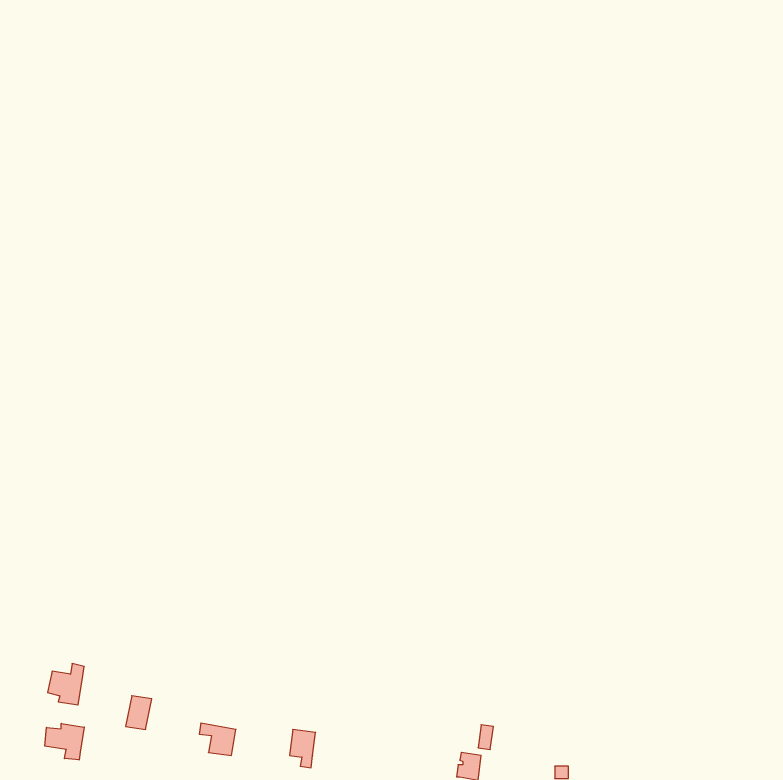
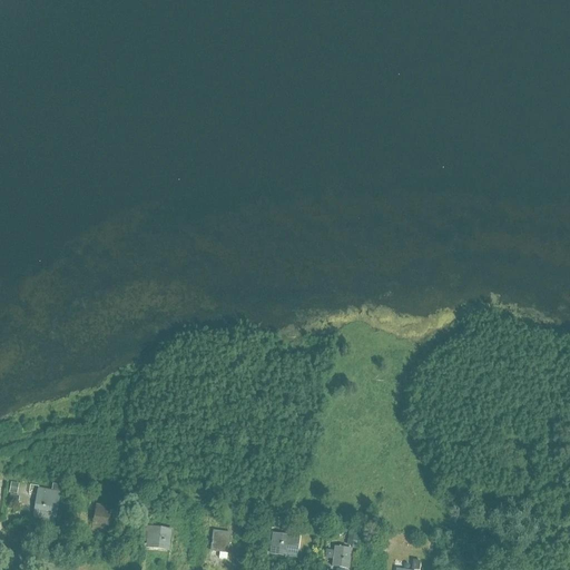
building: [45,723,84,760] -> none
building: none -> [269,533,298,556]

